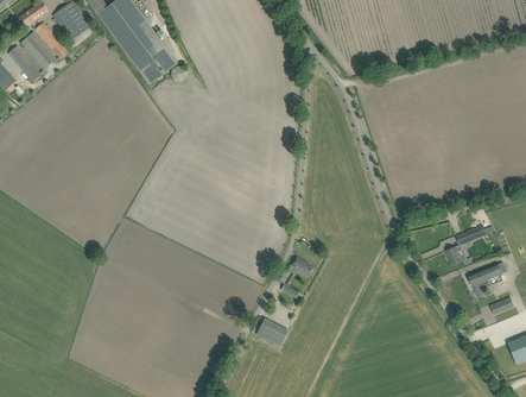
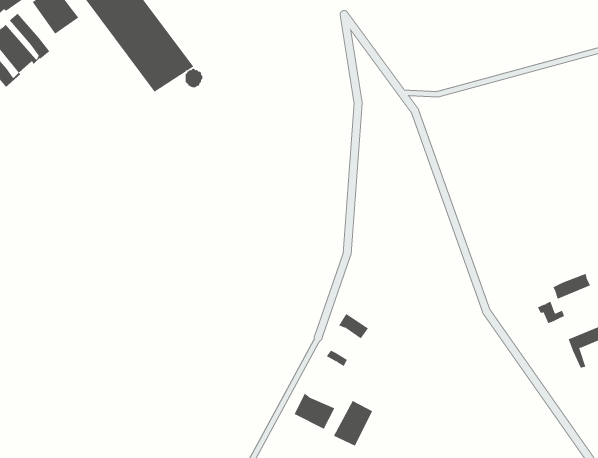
building: none -> [333,400,373,446]

